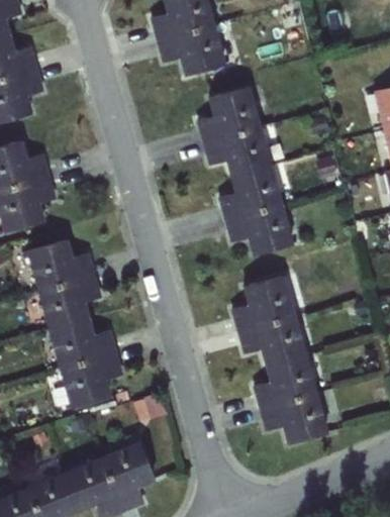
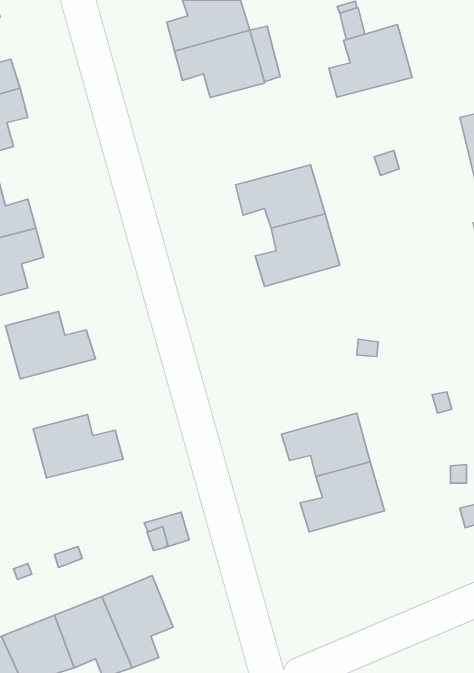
building: [197,87,261,142] -> [329,25,412,97]
building: [225,204,293,254] -> none
building: [38,276,102,329] -> none
building: [231,276,296,333] -> none
building: [59,352,123,408] -> none
building: [260,392,328,443] -> none

